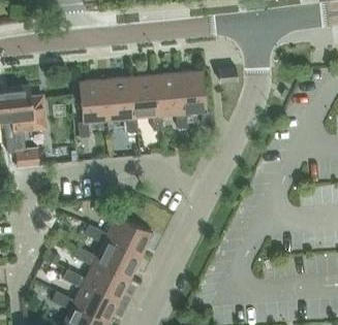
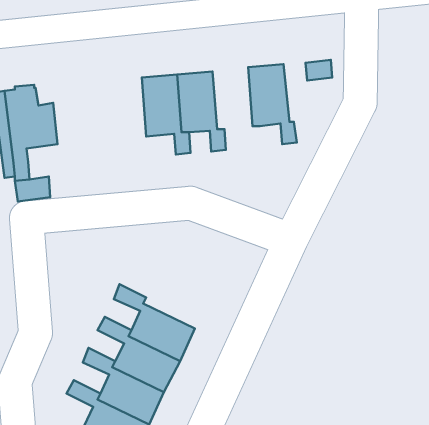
building: [152,73,186,129] -> none
building: [76,80,105,138] -> none
building: [93,203,151,256] -> none

